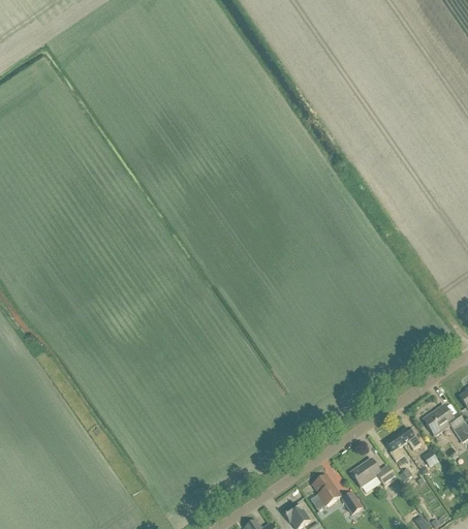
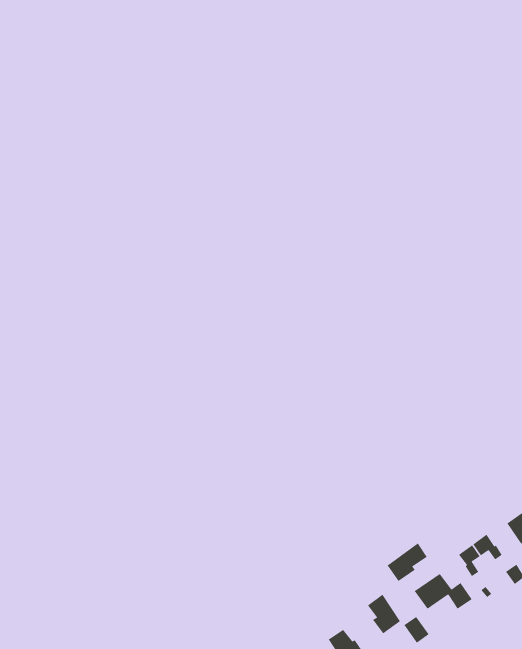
building: none -> [387,542,428,582]

